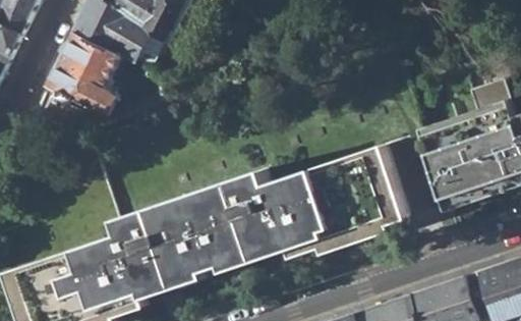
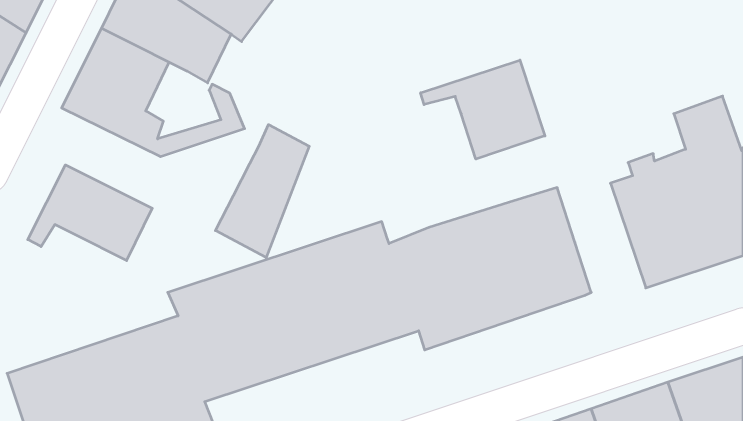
building: none -> [421,60,545,159]
building: none -> [215,125,309,258]
building: none -> [28,165,152,261]

